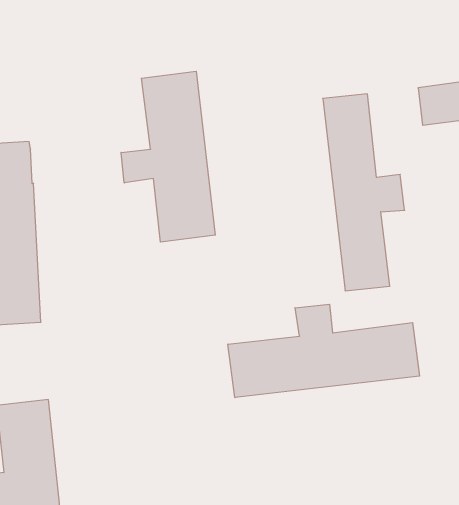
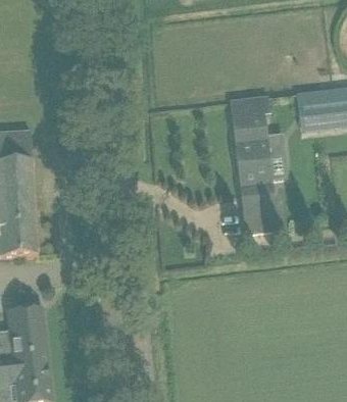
building: [121,71,215,242] -> none
building: [228,304,419,398] -> none

